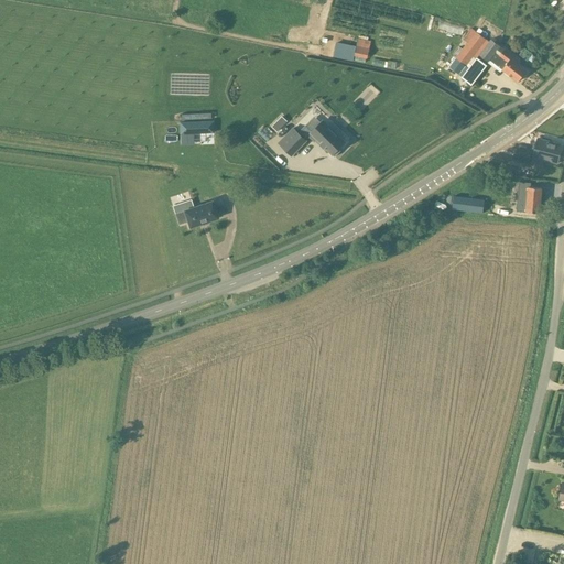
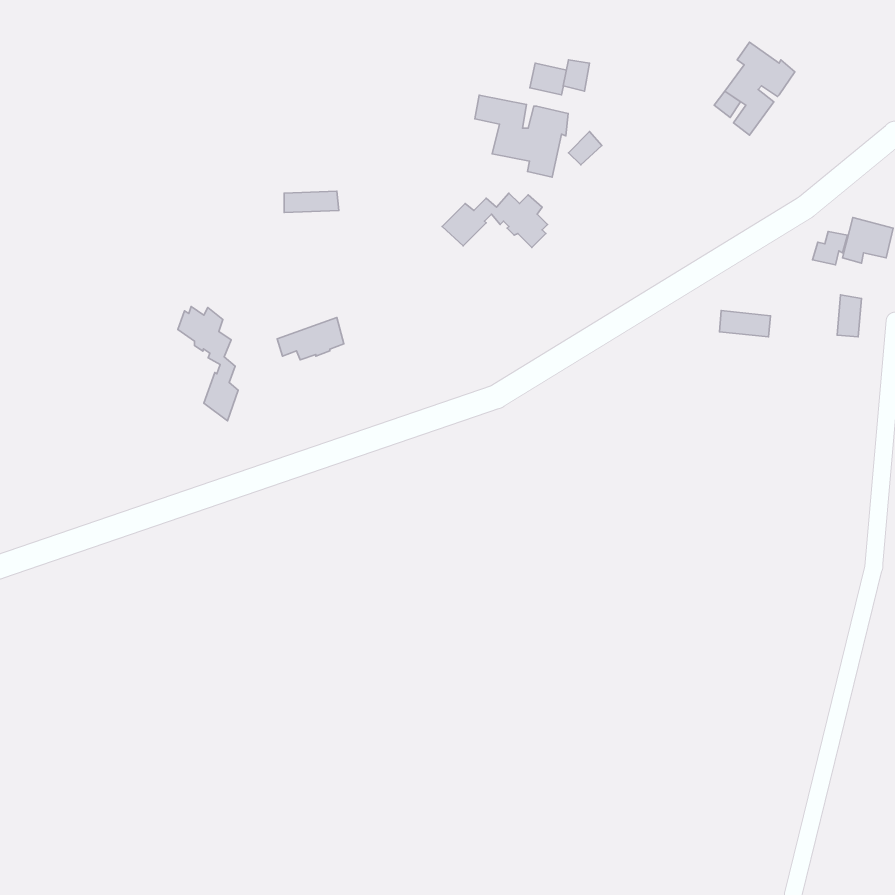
building: [489,45,525,80] -> none
building: none -> [475,95,568,177]
building: none -> [178,307,238,421]

